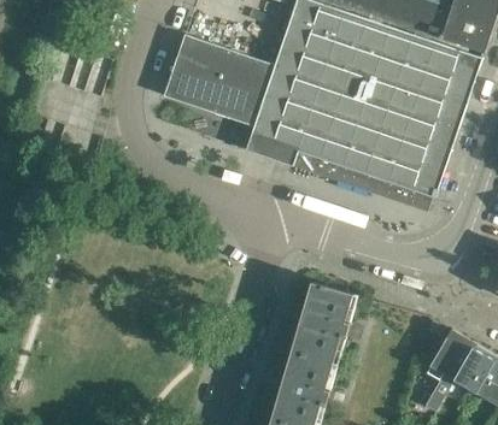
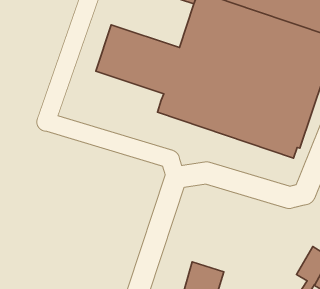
building: [291,281,352,361] -> none

